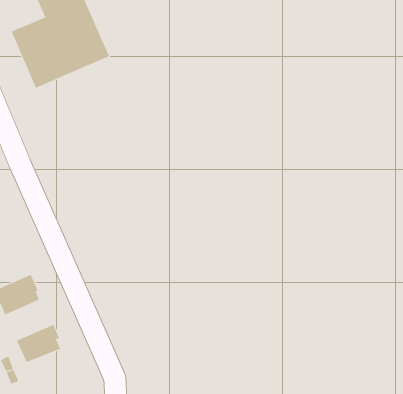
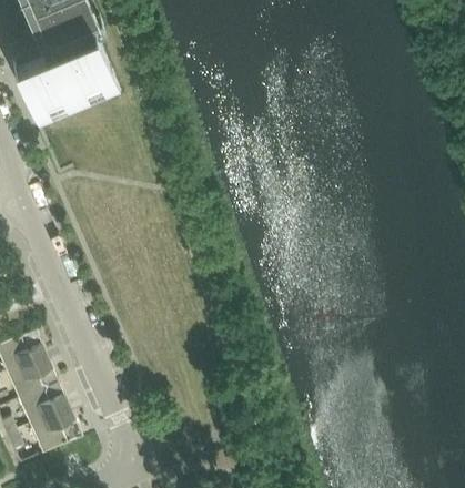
building: none -> [6,356,59,400]
building: none -> [29,409,82,453]

